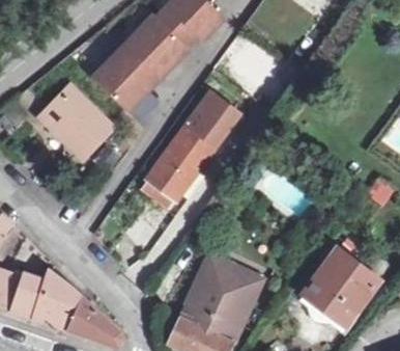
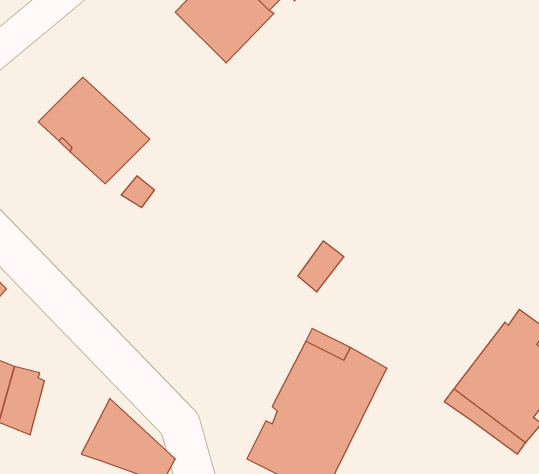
building: [92,46,156,111] -> none
building: [145,91,237,198] -> none
building: [29,269,81,334] -> none

